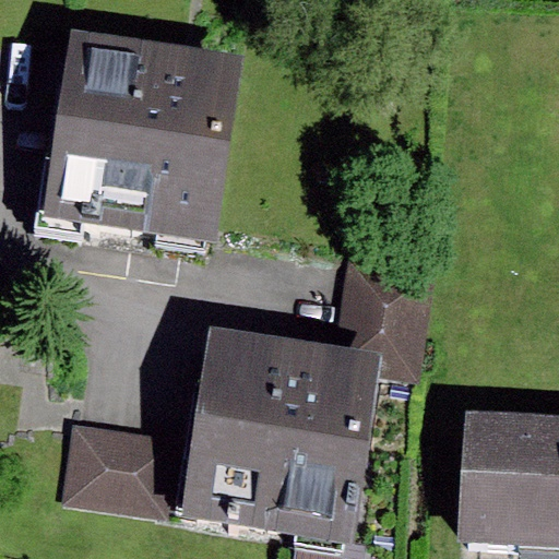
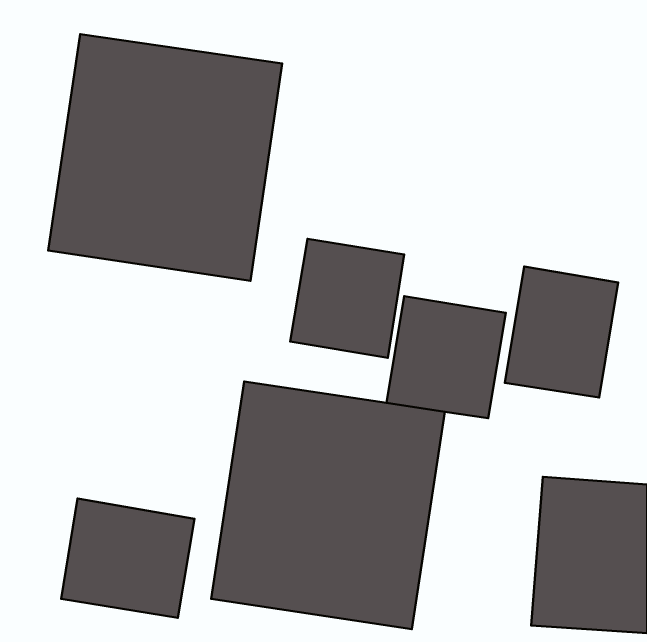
building: none -> [290,239,404,358]
building: none -> [505,266,618,397]

